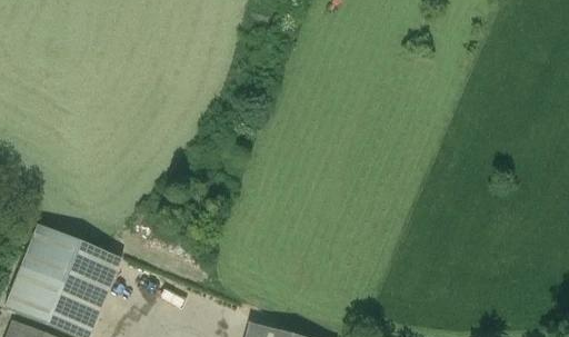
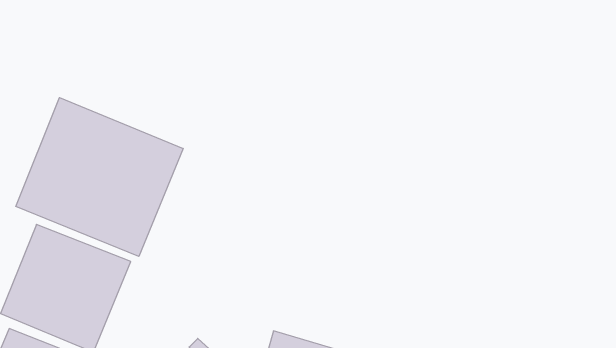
building: none -> [16,98,183,256]

